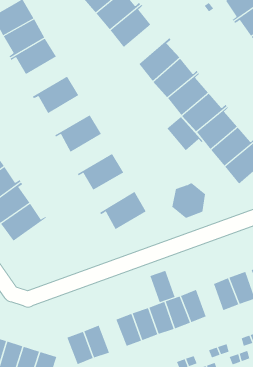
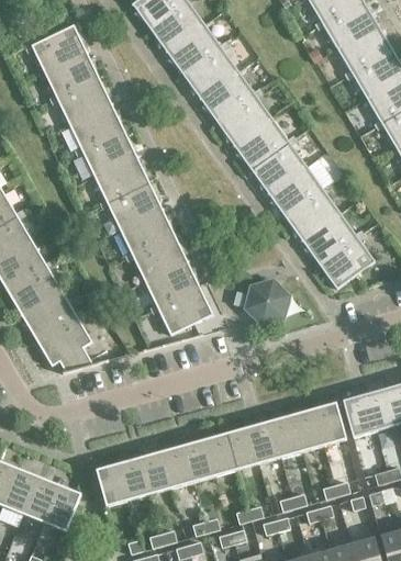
building: none -> [200,71,261,122]
building: none -> [69,103,124,153]
building: none -> [94,156,149,205]
building: [166,116,203,151] -> none
building: none -> [120,209,175,258]
building: none -> [145,261,200,311]
building: none -> [36,312,93,372]
building: [149,270,176,303] -> [270,415,302,457]
building: none -> [140,451,172,494]

